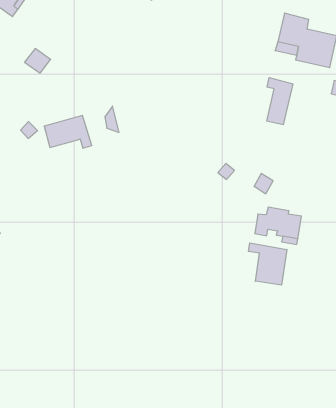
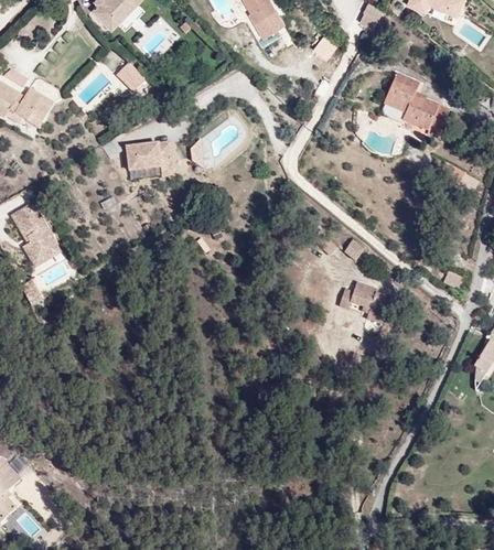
building: [267,78,293,125] -> none
building: [248,243,287,285] -> none

